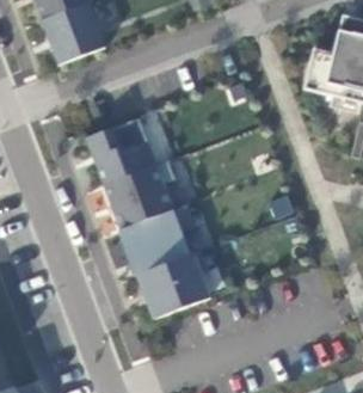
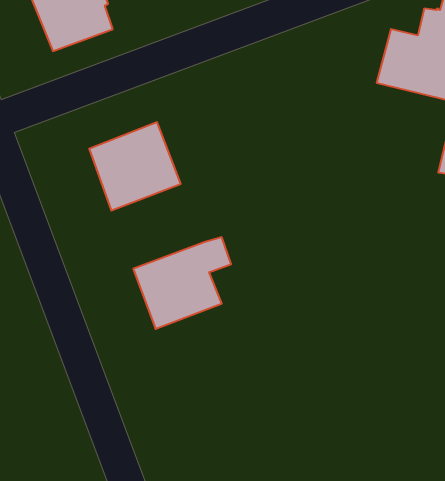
building: [104,156,176,226] -> none
building: [137,247,211,315] -> none

